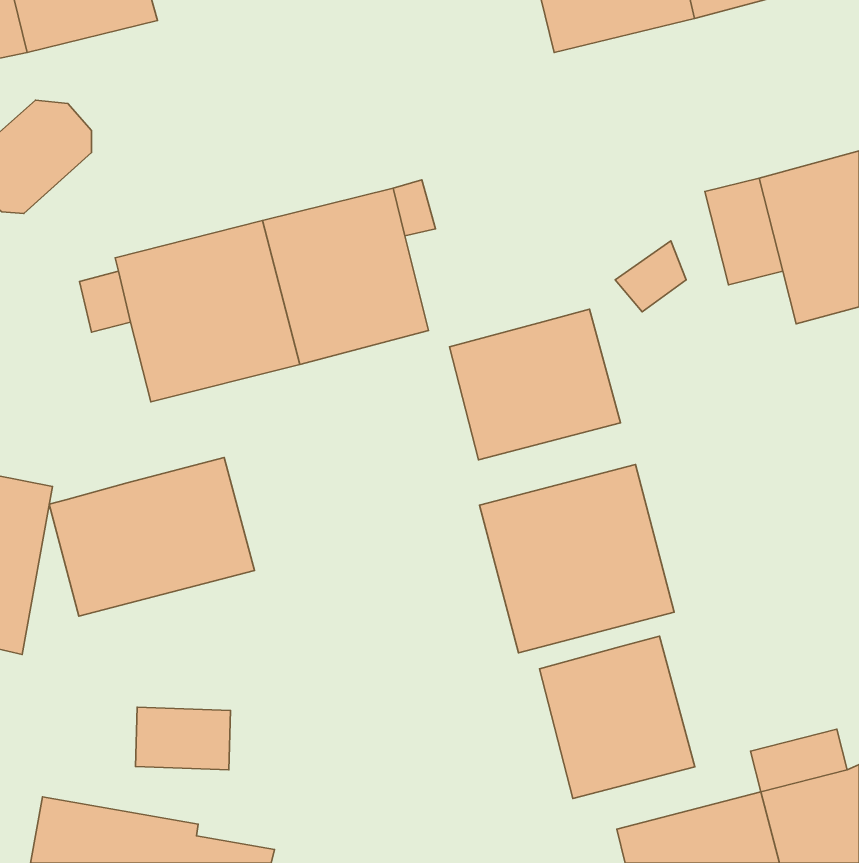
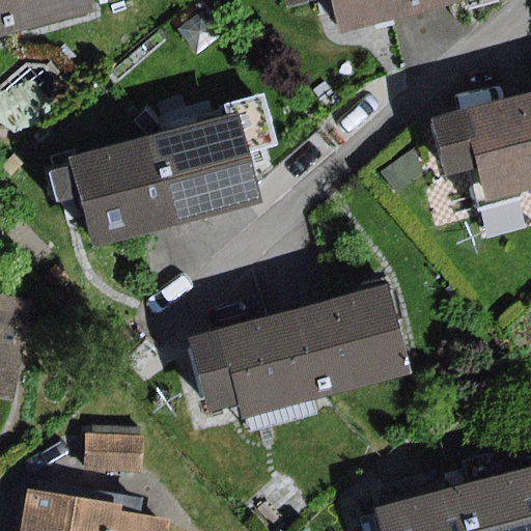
building: [450,309,621,460] -> none
building: [49,457,254,616] -> none
building: none -> [188,309,317,418]
building: [539,636,695,799] -> none

